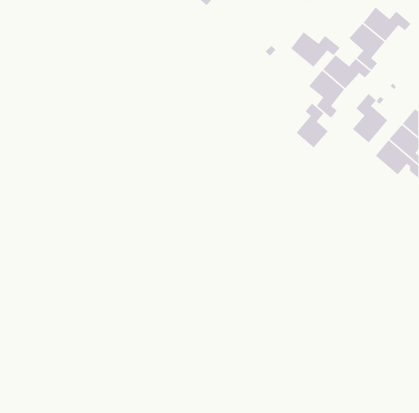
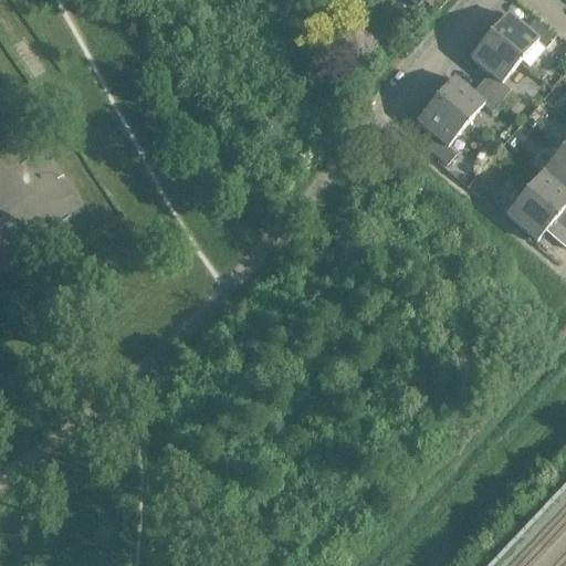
building: [290,31,341,68] -> none
building: [352,93,388,144] -> none
building: [295,103,329,148] -> none

